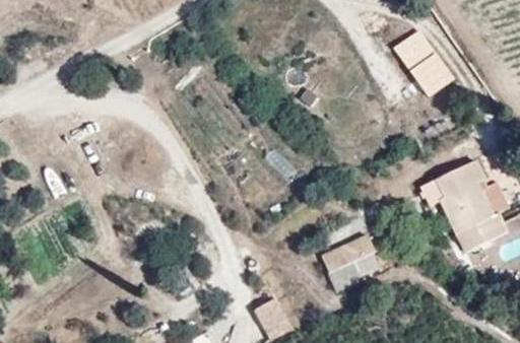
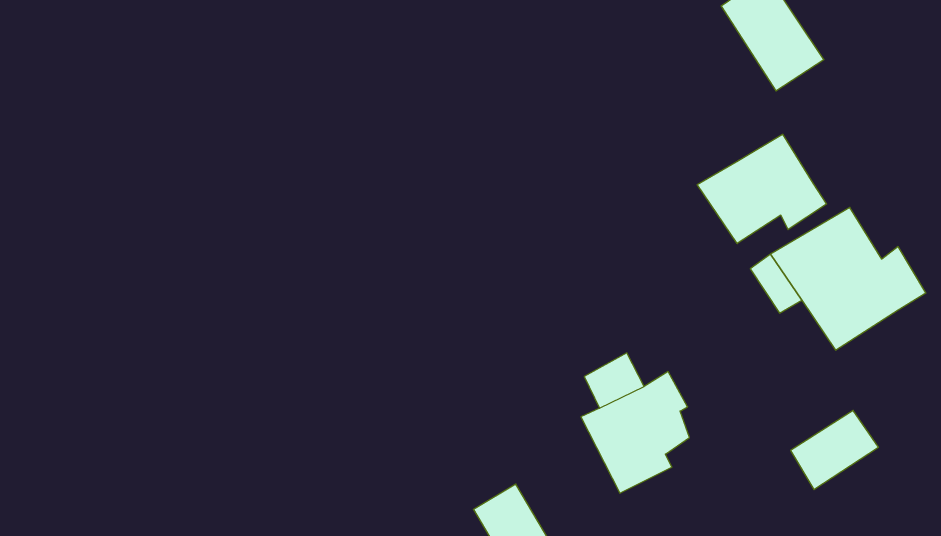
building: none -> [697,134,827,244]
building: [452,217,499,258] -> [791,410,878,490]

